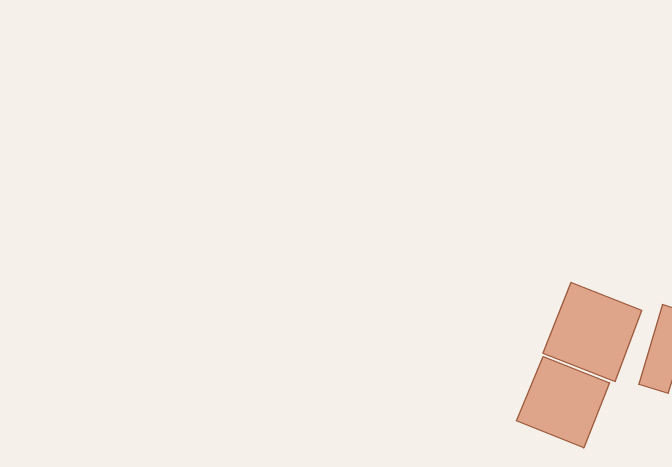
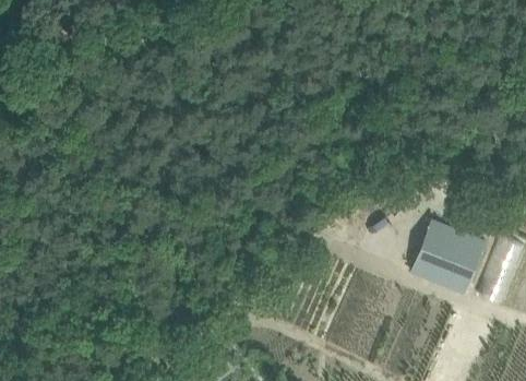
building: [516,357,609,448] -> none

